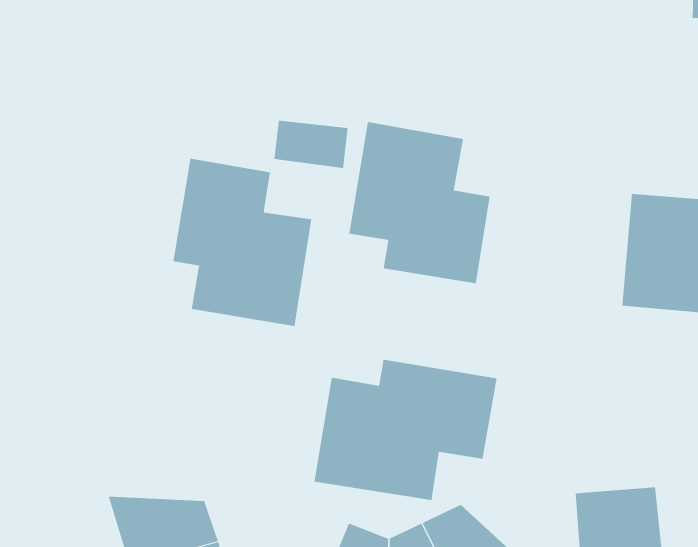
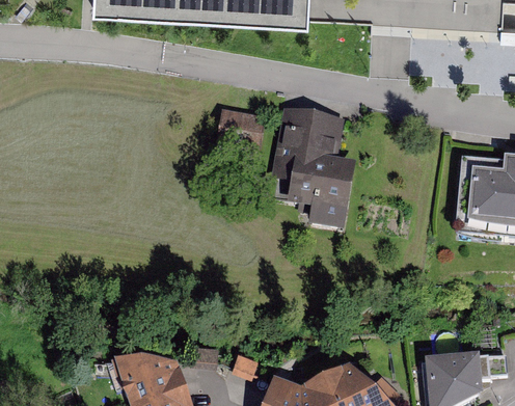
building: [173,158,312,327] -> none
building: [314,359,497,501] -> none

